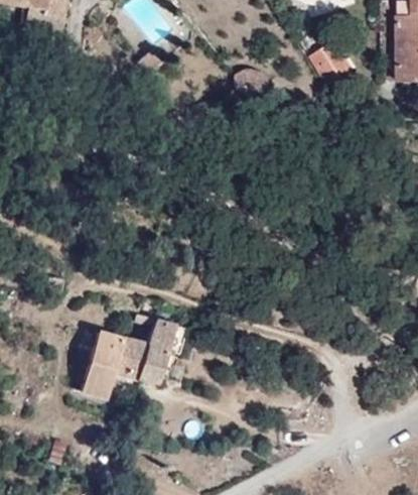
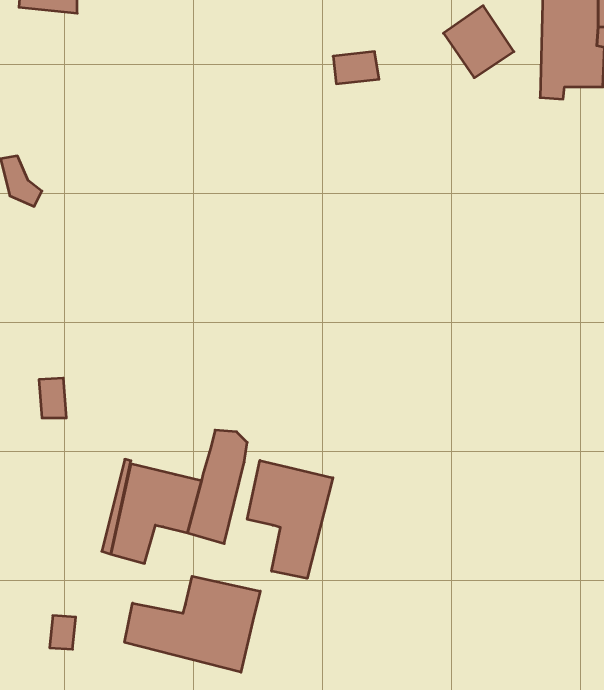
building: none -> [247,460,333,578]
building: none -> [125,576,260,672]

